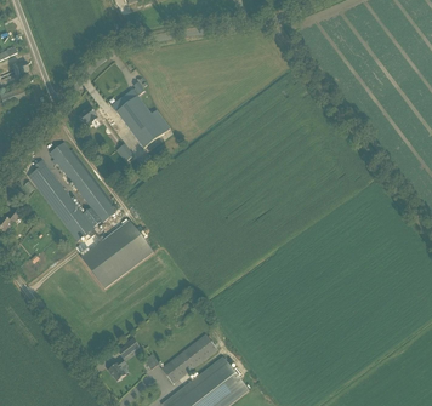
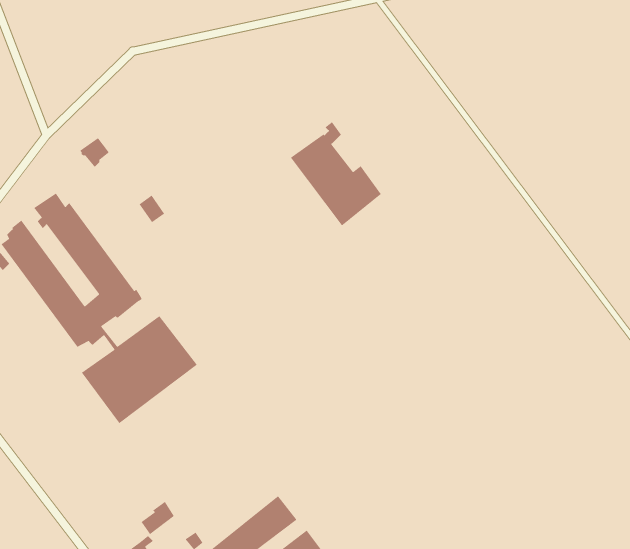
building: [110,81,169,148] -> [290,121,382,227]

